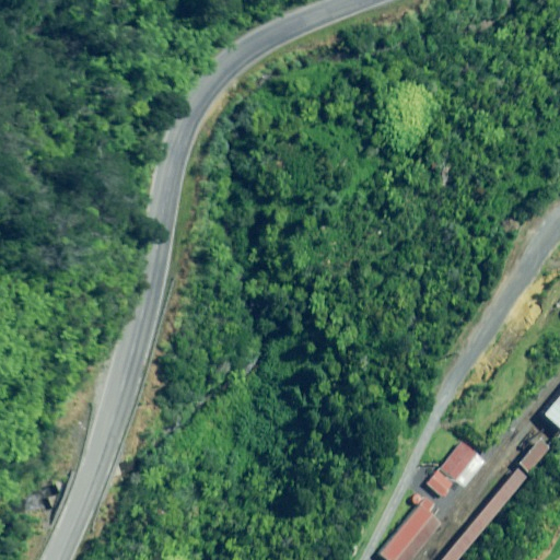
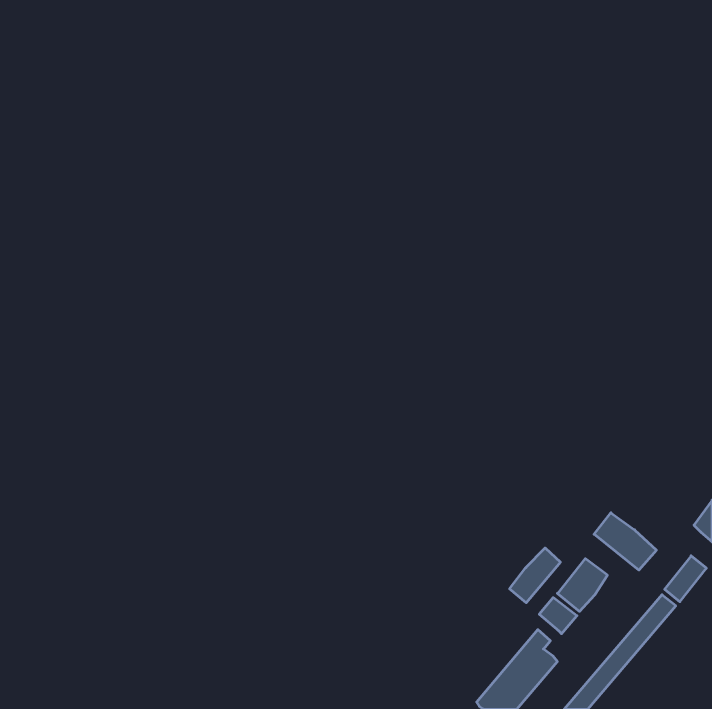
building: none -> [594,513,656,570]
building: none -> [510,548,560,603]

